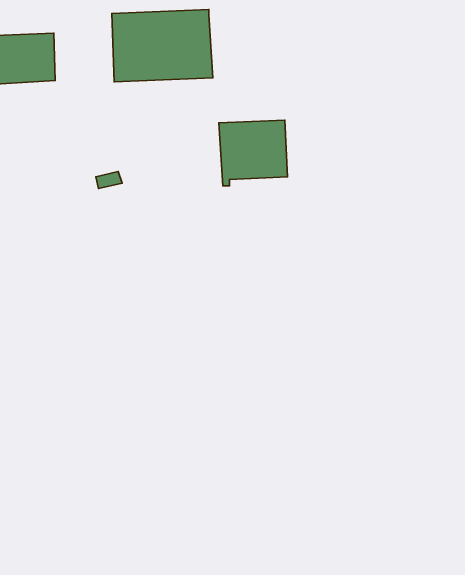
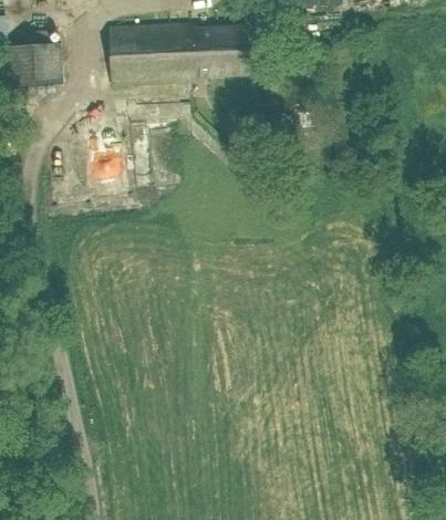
building: [219,120,287,186] -> [191,25,249,81]

